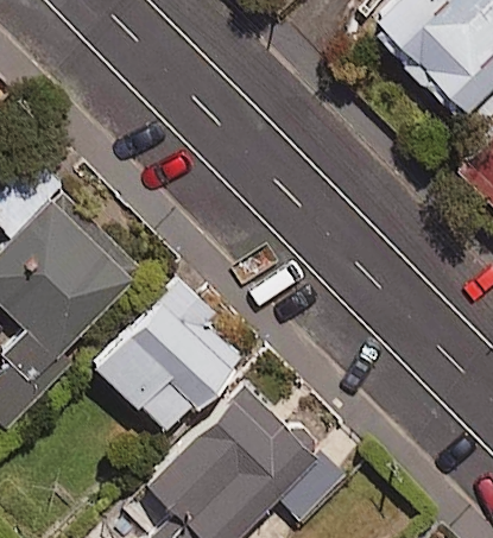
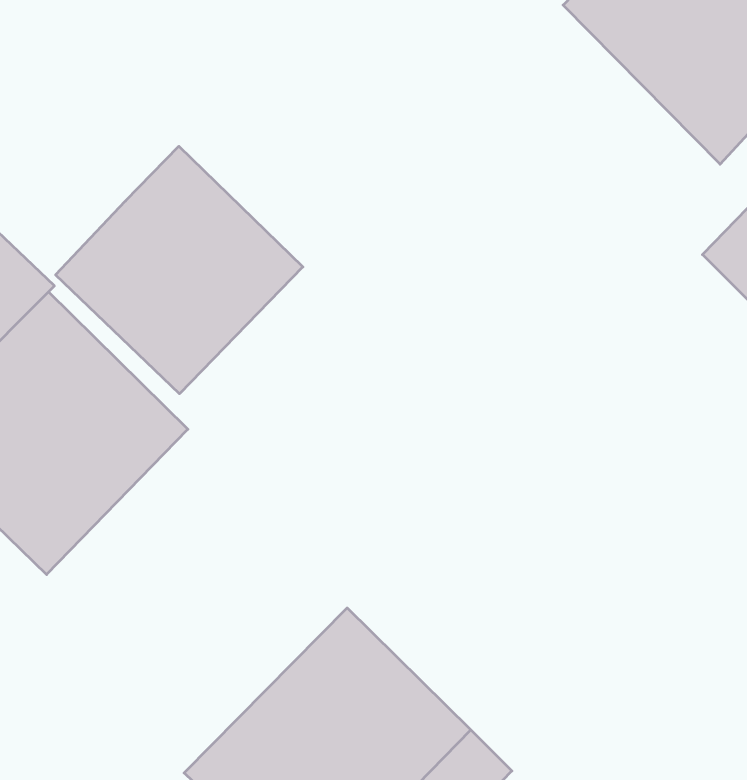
building: none -> [56,146,303,394]
building: [94,280,242,437] -> none

